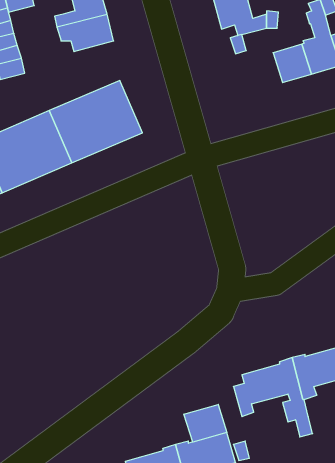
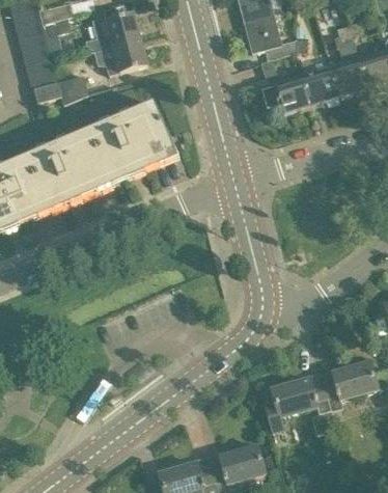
building: none -> [57,75,88,105]
building: none -> [260,76,310,114]
building: [184,404,227,442] -> none

